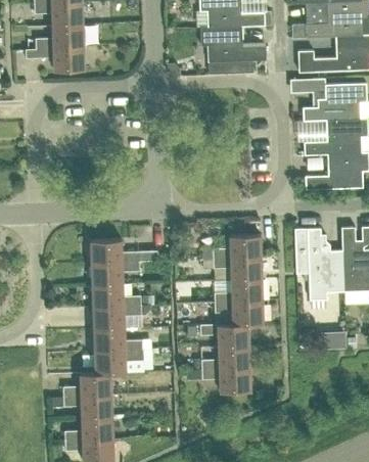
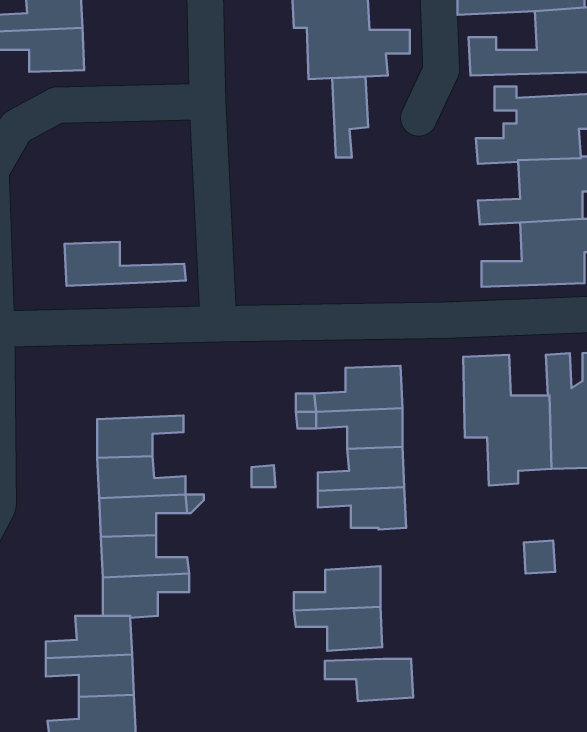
building: none -> [332,77,368,158]
building: [90,238,157,263] -> [65,242,186,286]
building: [199,323,248,346] -> [325,659,413,701]

